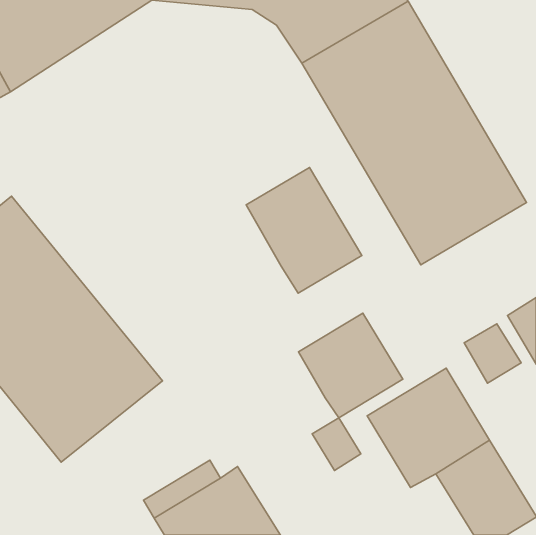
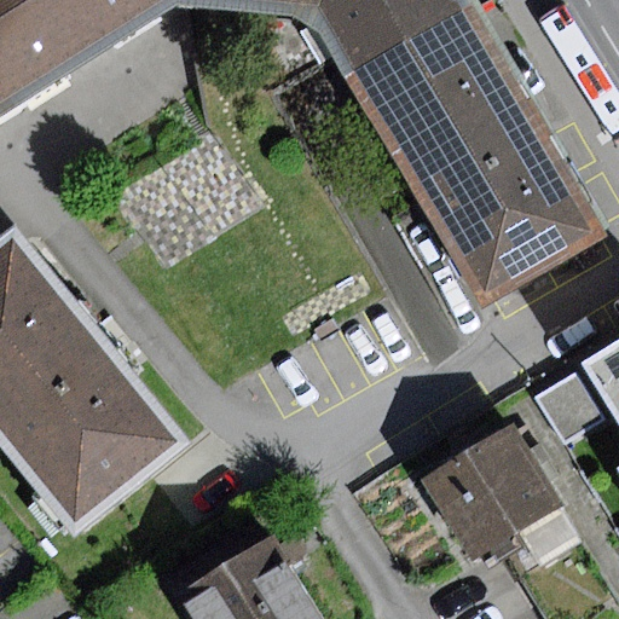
building: [246,167,362,293] -> none
building: [299,313,403,418] -> none

